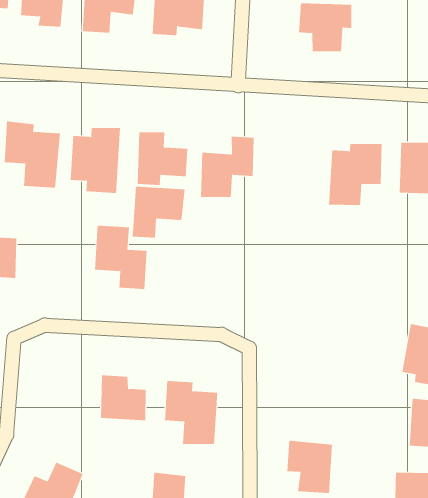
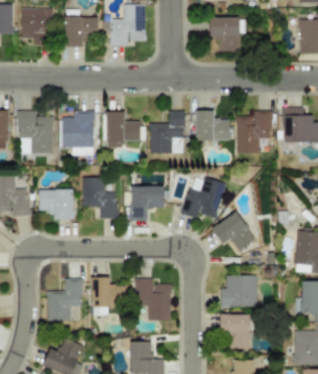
building: none -> [195,110,229,140]
building: [132,186,186,238] -> [130,186,164,221]
building: none -> [182,175,224,219]
building: none -> [38,189,73,219]
building: none -> [211,212,254,250]
building: none -> [46,278,83,321]
building: none -> [220,274,257,306]

